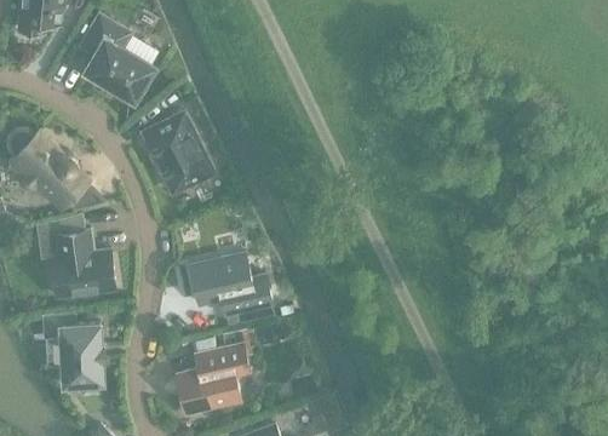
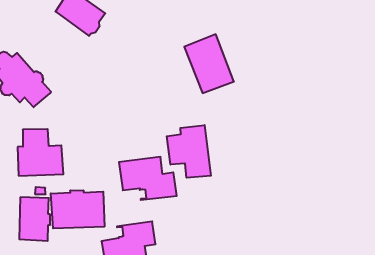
building: [140,113,212,194] -> [184,34,234,93]
building: none -> [167,125,211,178]
building: none -> [51,190,104,228]

